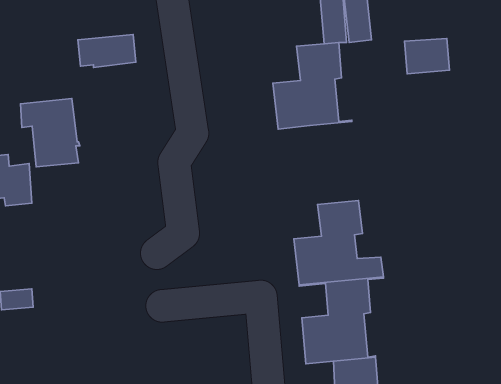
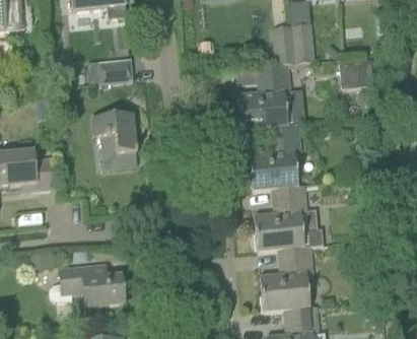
building: [20,98,80,167] -> [92,113,138,165]
building: none -> [248,123,303,189]
building: none -> [48,263,124,306]

